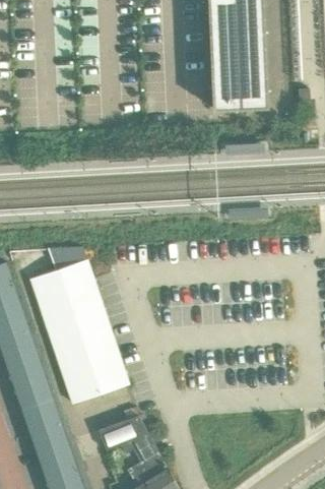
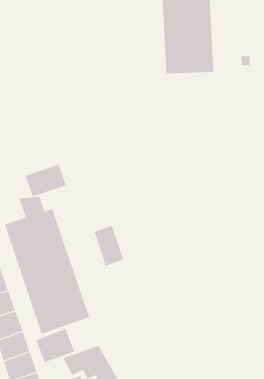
building: none -> [25,164,67,197]
building: none -> [94,225,124,266]
building: none -> [35,328,75,363]

